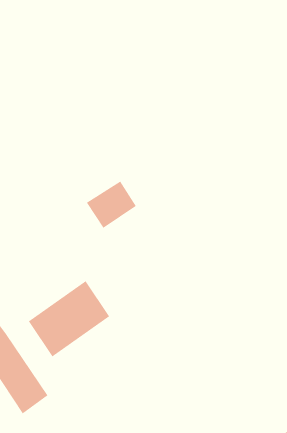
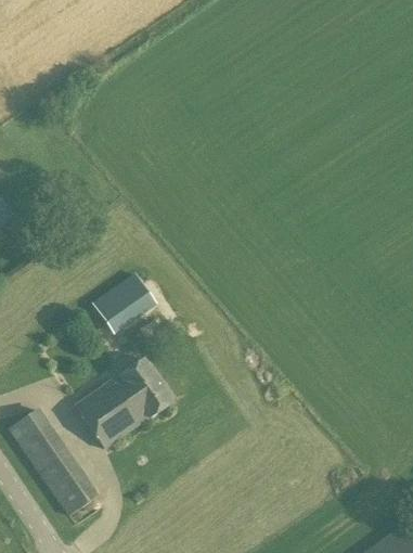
building: [86,181,137,229] -> [99,272,159,330]

